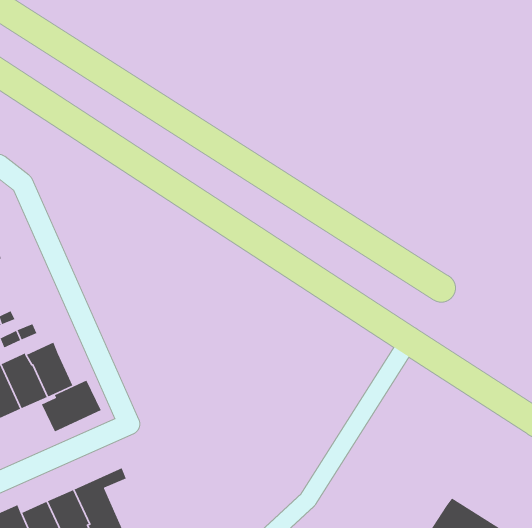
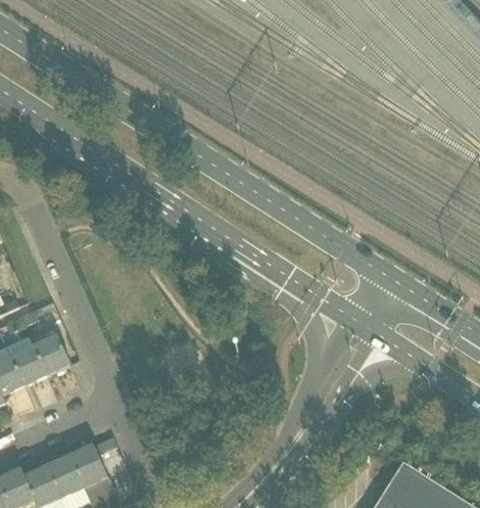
building: [41,380,102,432] -> none

